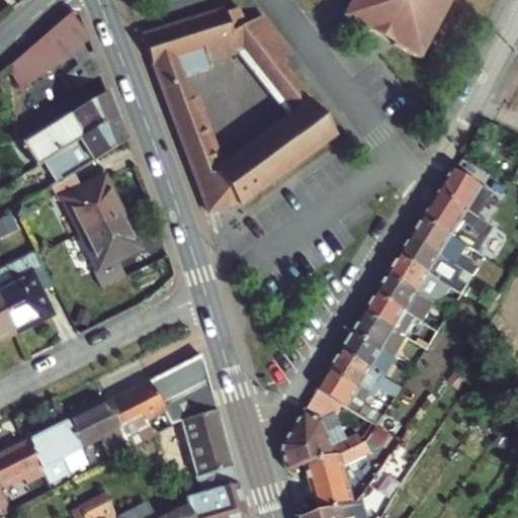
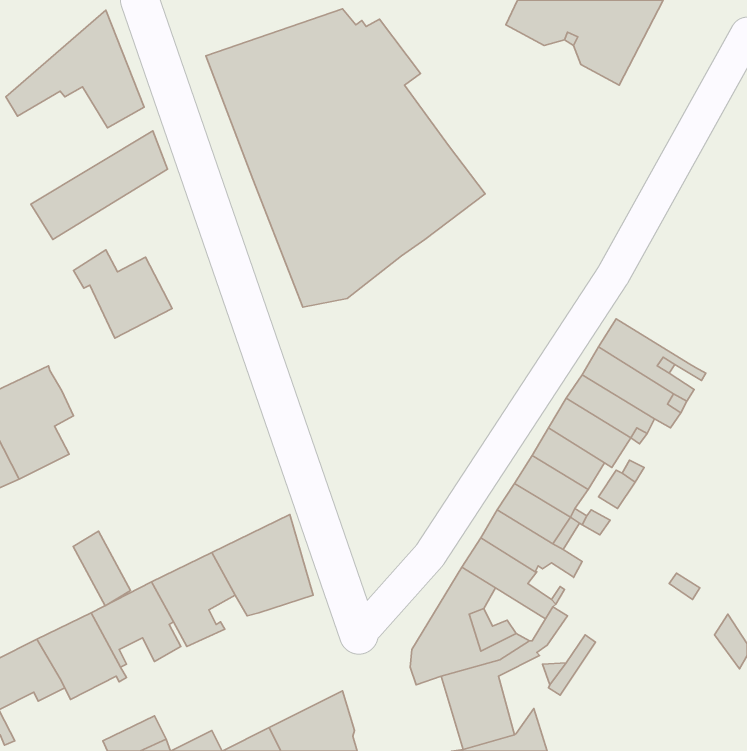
building: [15,116,125,204] -> none
building: [424,171,494,253] -> none
building: [79,212,136,282] -> none
building: none -> [73,531,130,606]
building: [178,410,233,476] -> none

